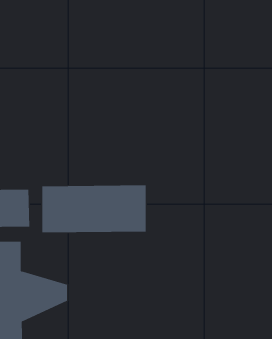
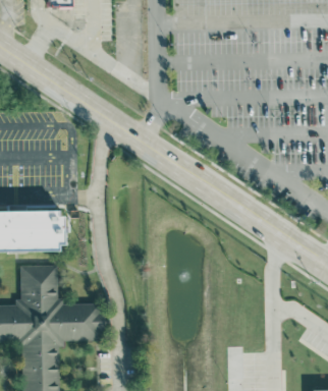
building: [42,185,146,233] -> none

